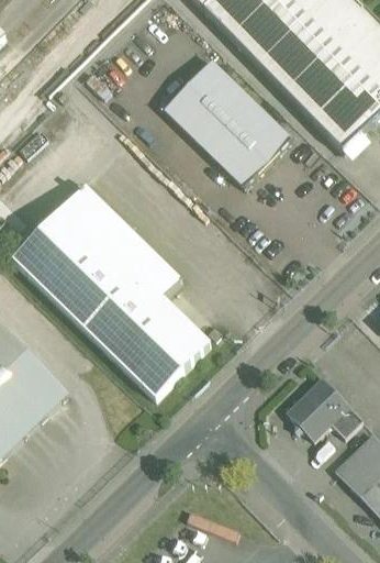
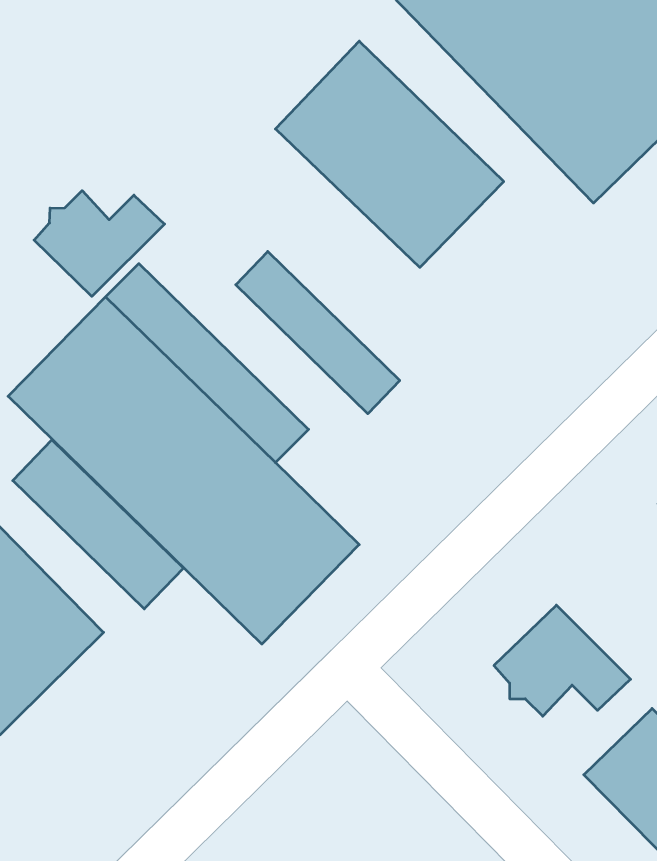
building: none -> [34,191,165,296]
building: none -> [236,251,400,414]
building: none -> [13,440,183,609]

